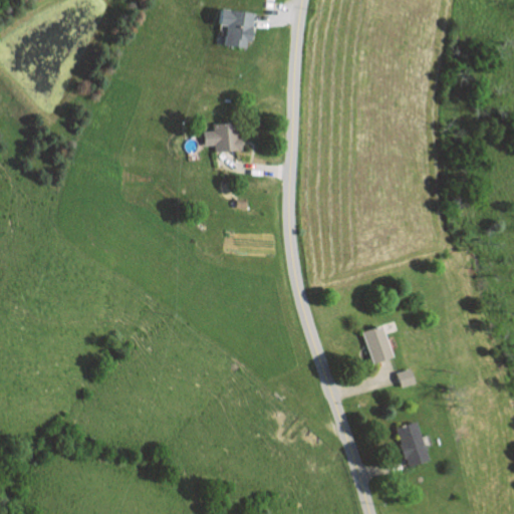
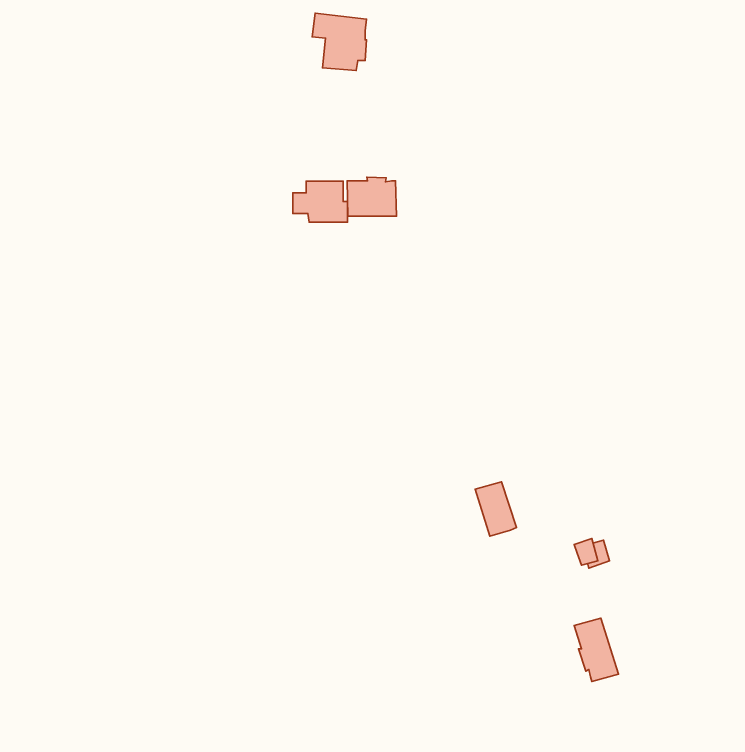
building: none -> [347,177,396,216]
building: [362,324,391,361] -> [475,482,516,536]

